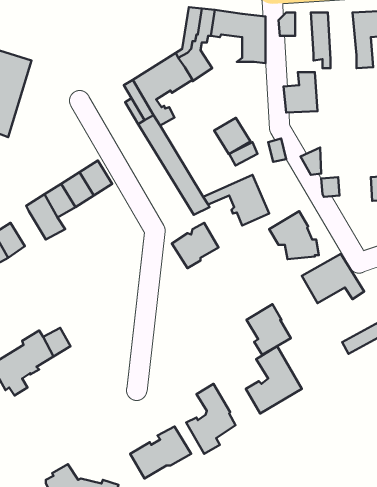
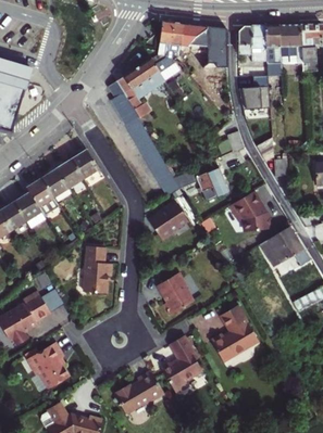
building: none -> [238,25,266,60]
building: none -> [278,25,302,64]
building: [214,118,250,154] -> none
building: none -> [13,191,45,228]
building: none -> [83,246,110,293]
building: [246,304,291,355] -> [157,272,194,315]
building: none -> [27,342,70,389]

